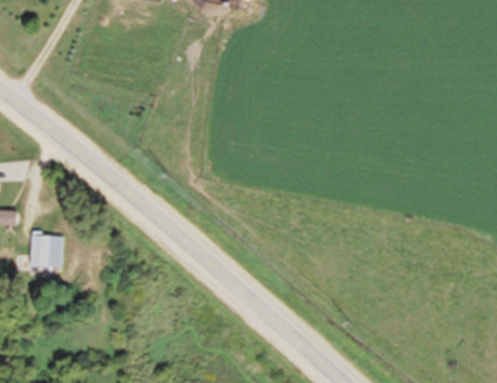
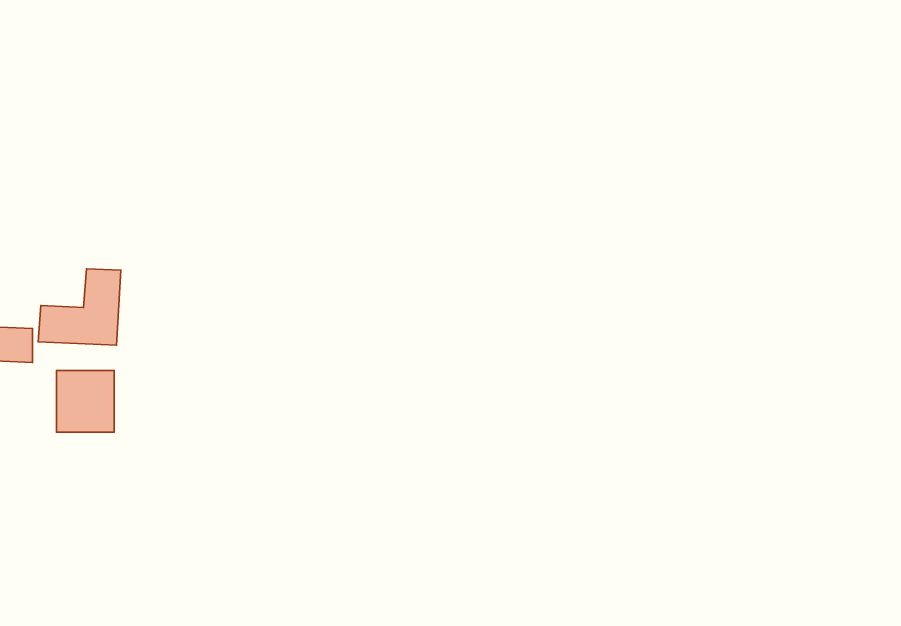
building: none -> [38,269,121,345]

